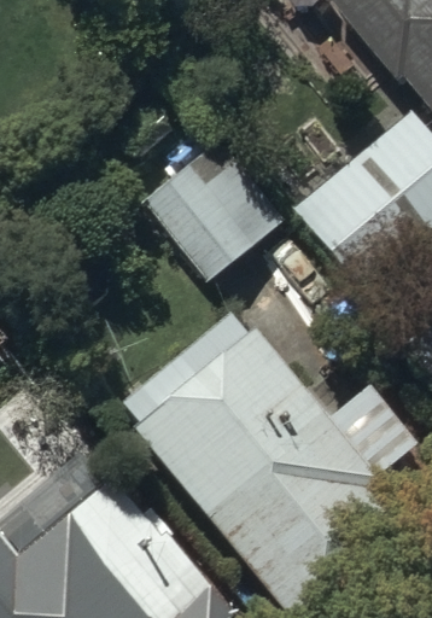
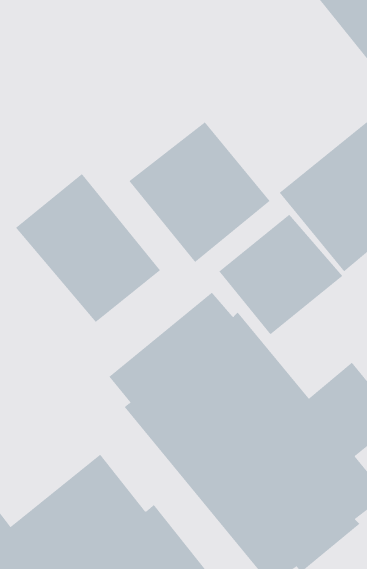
building: none -> [15,173,161,323]
building: none -> [218,214,343,335]

